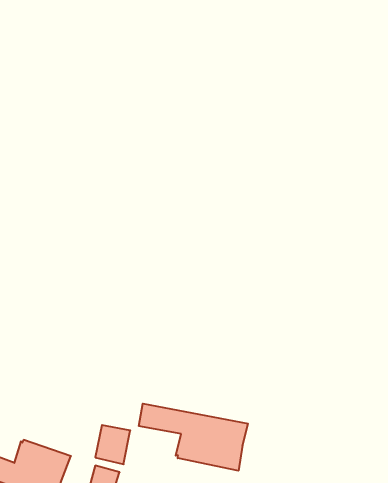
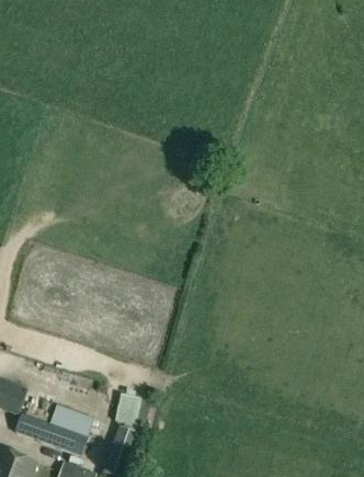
building: [139,404,248,471] -> none

